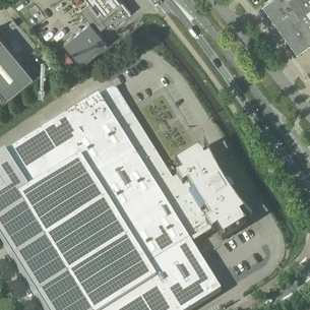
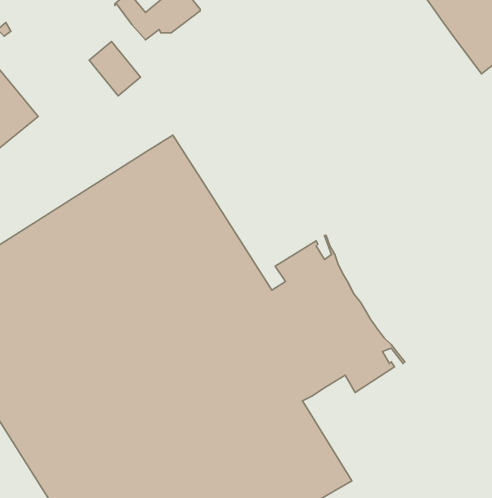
building: [78,22,108,54] -> none

